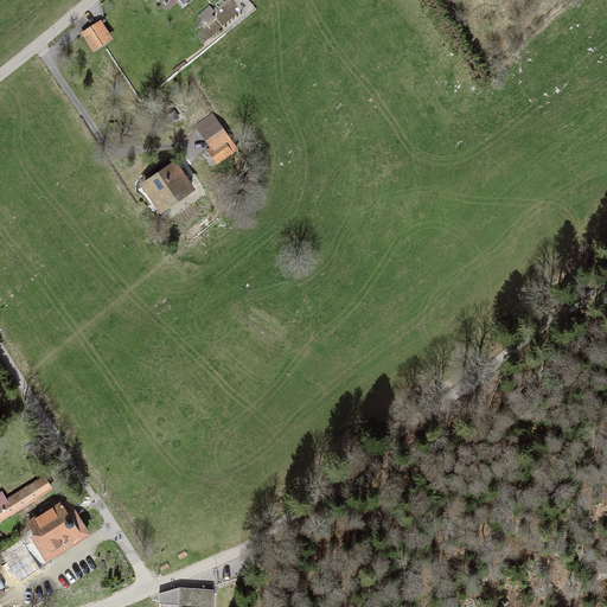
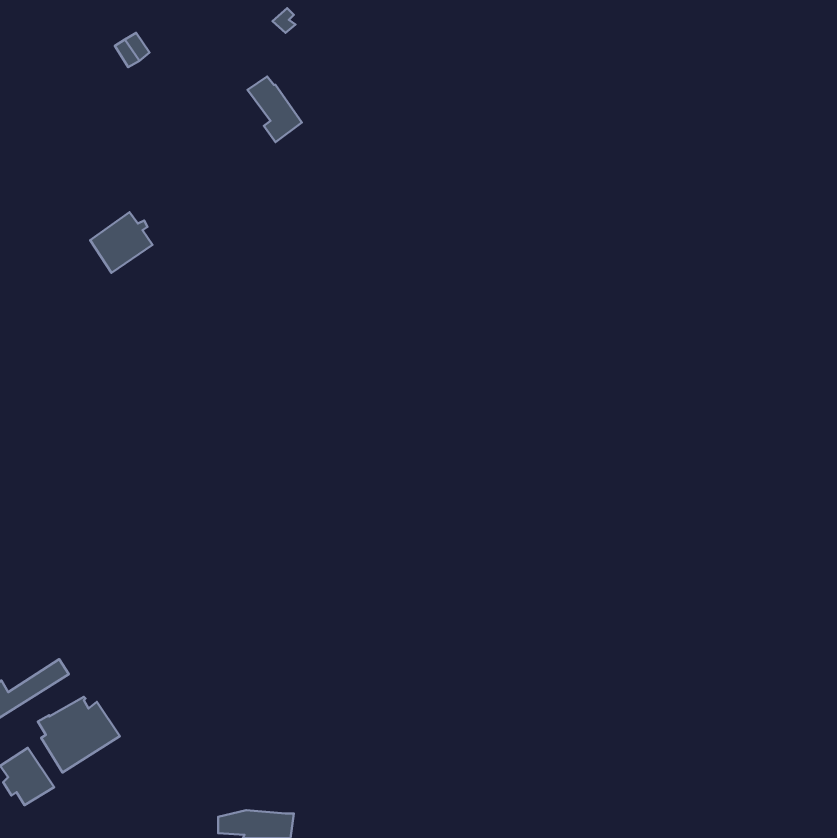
building: [196,115,235,162] -> [248,77,302,142]
building: [143,164,189,207] -> [90,212,152,273]

